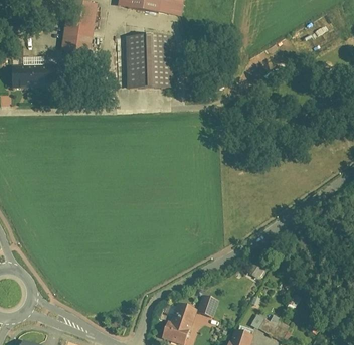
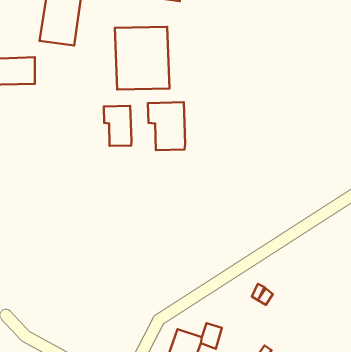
building: none -> [148,102,185,150]
building: none -> [104,106,132,146]

